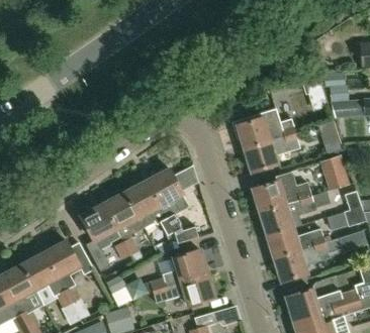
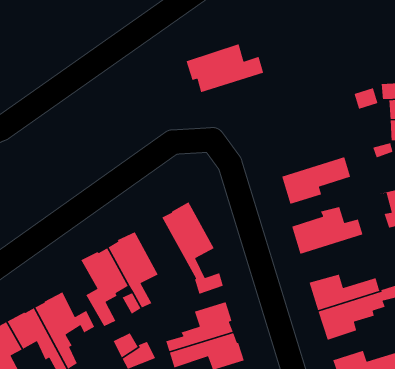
building: [232,107,295,147] -> [186,43,264,93]
building: [125,181,174,234] -> none
building: [259,195,314,233] -> none

